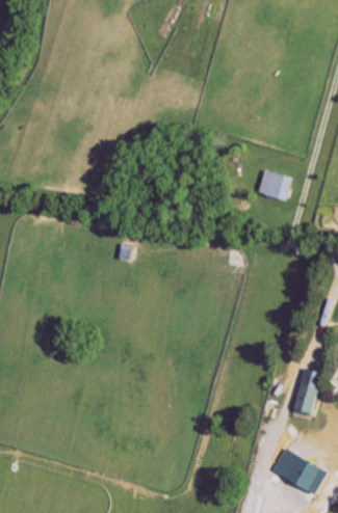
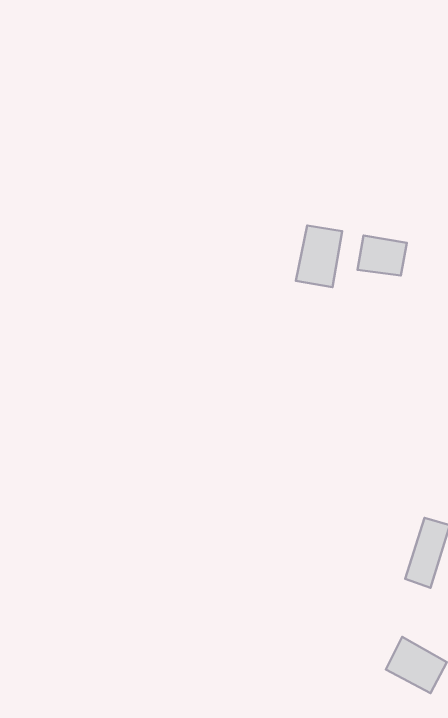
building: none -> [296,226,342,287]

